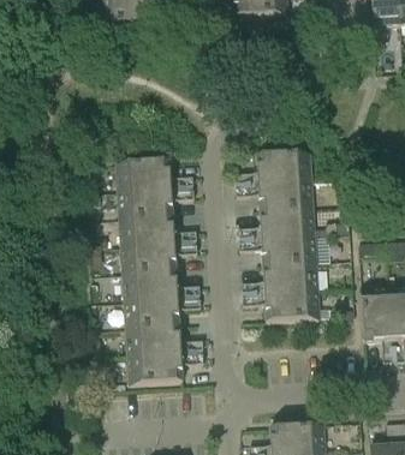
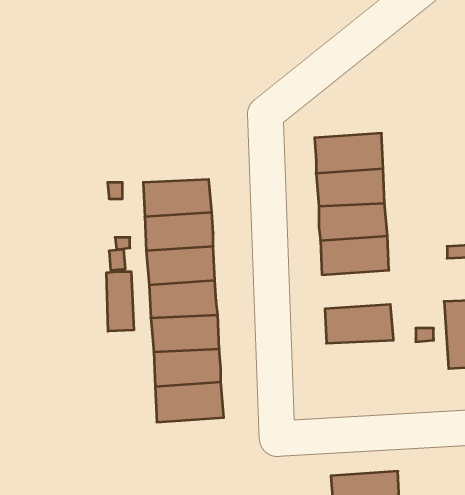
building: [115,160,171,191] -> none
building: [262,262,317,293] -> none
building: none -> [107,272,134,331]

